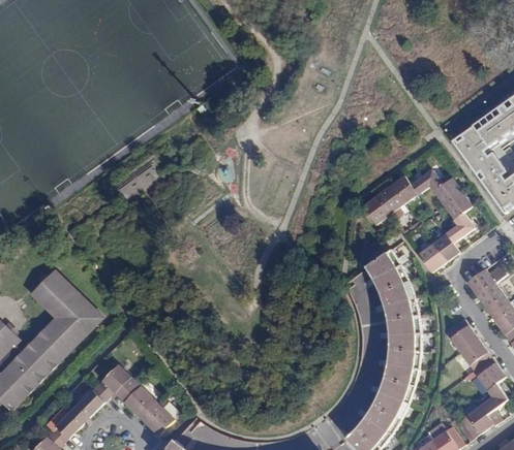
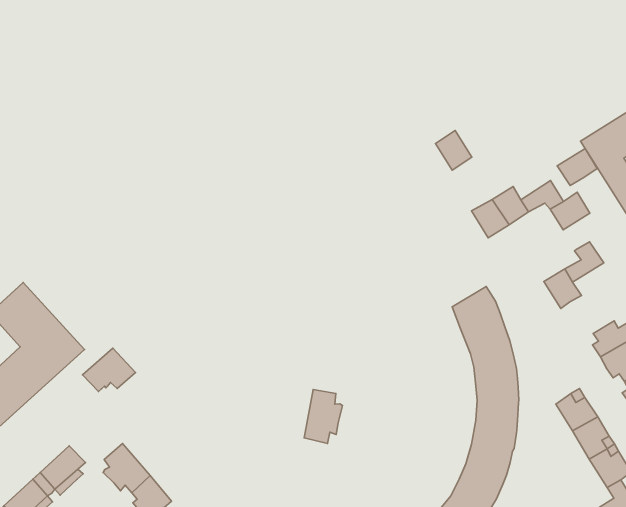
building: [443,192,472,219] -> [557,149,597,185]
building: [362,196,389,225] -> [436,130,472,170]
building: [417,244,445,272] -> none
building: none -> [304,389,342,444]
building: [96,364,134,396] -> [82,348,135,392]

